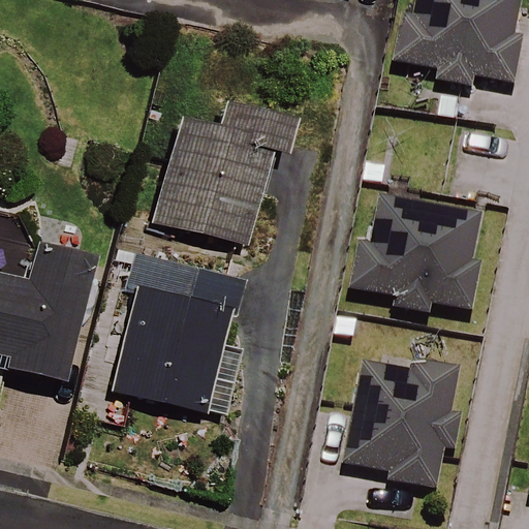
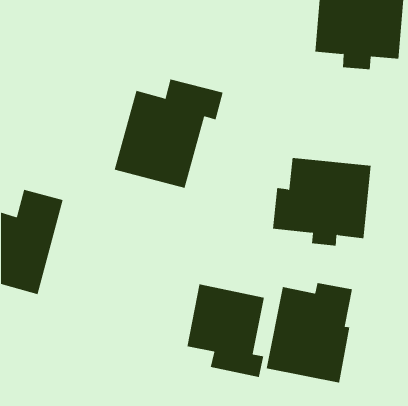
building: [114,283,239,410] -> none
building: none -> [187,284,265,378]

